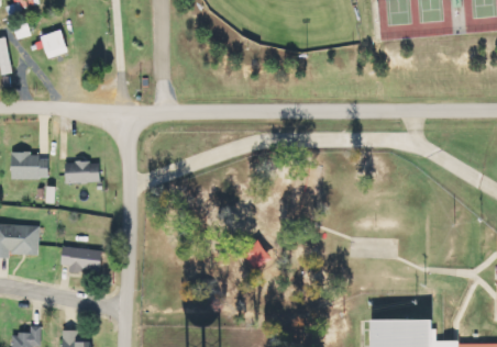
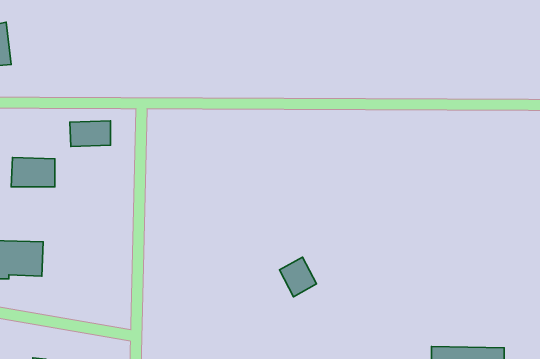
building: [41,30,68,59] -> none
building: [65,163,100,184] -> [70,121,111,146]
building: [60,248,102,273] -> none

